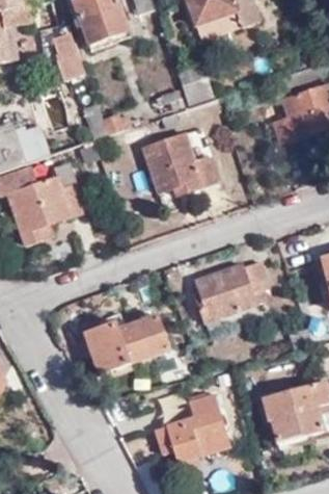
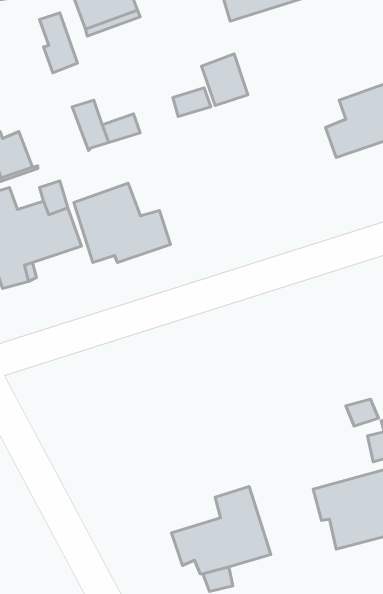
building: [142,131,216,191] -> [74,183,170,262]
building: [194,260,269,321] -> none
building: [83,319,170,373] -> none

